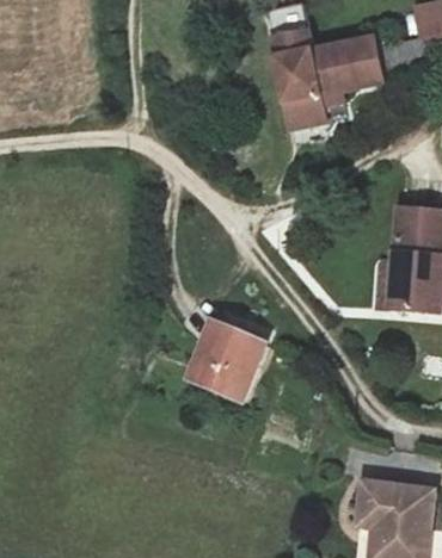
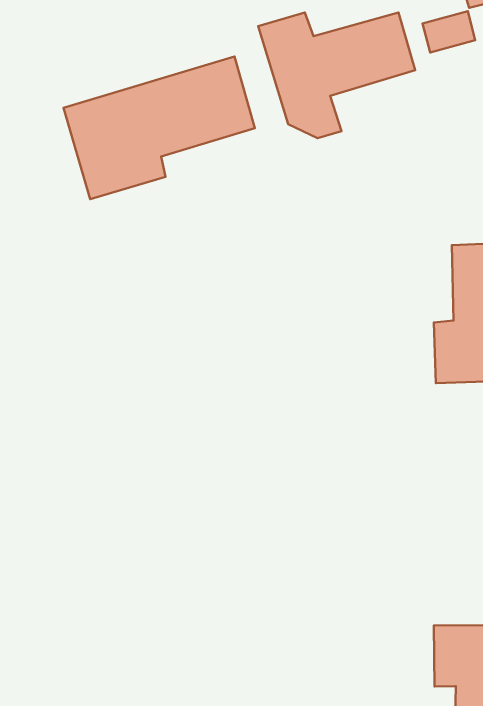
building: none -> [63,57,255,199]
building: [186,322,263,399] -> none

